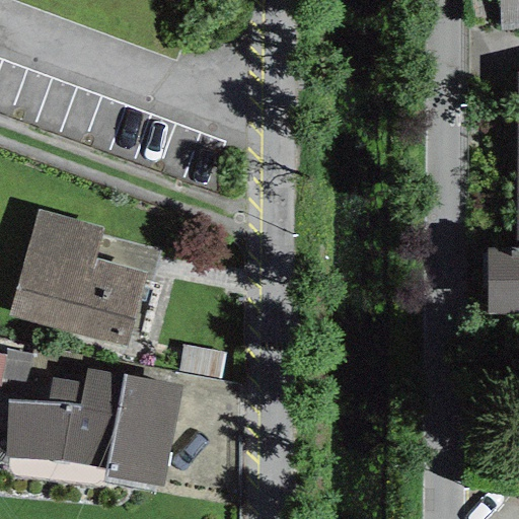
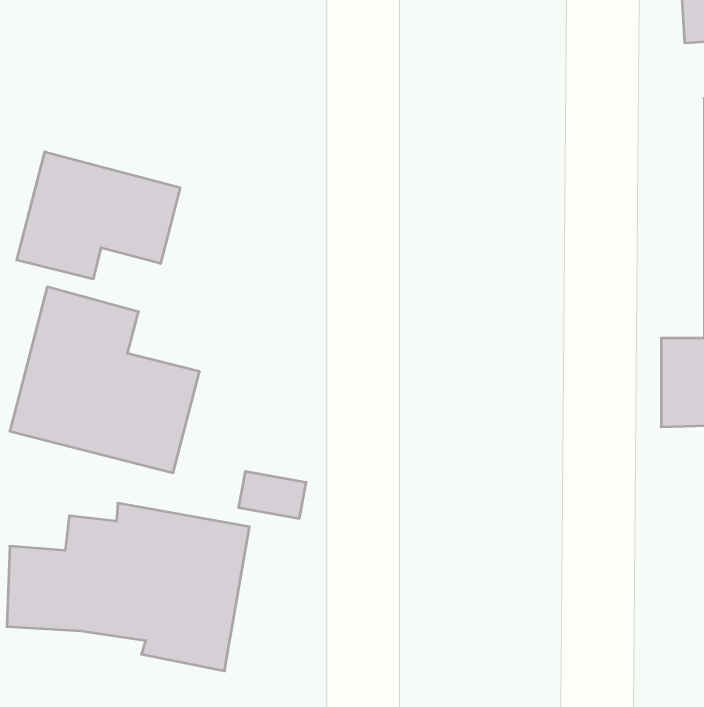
building: none -> [17,152,180,279]

